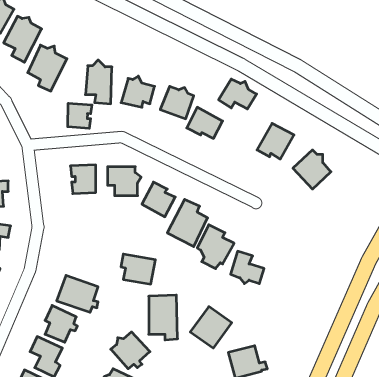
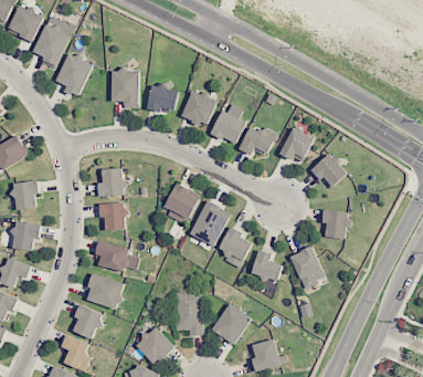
building: [219,79,257,109] -> [239,126,275,155]
building: [68,103,92,128] -> none
building: [108,167,141,196] -> [98,202,130,230]
building: none -> [322,208,351,238]
building: none -> [288,245,322,289]
building: [121,254,155,284] -> [93,242,126,271]

